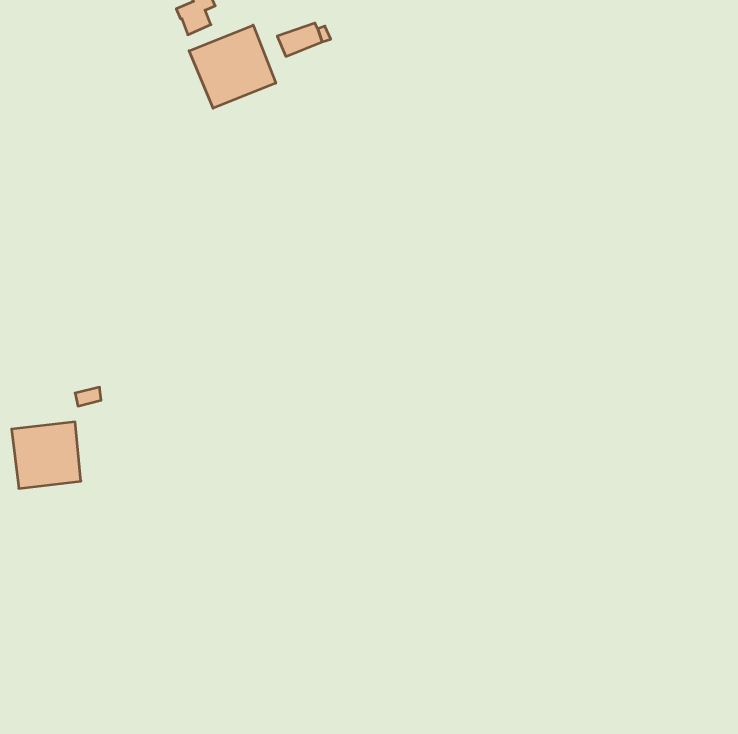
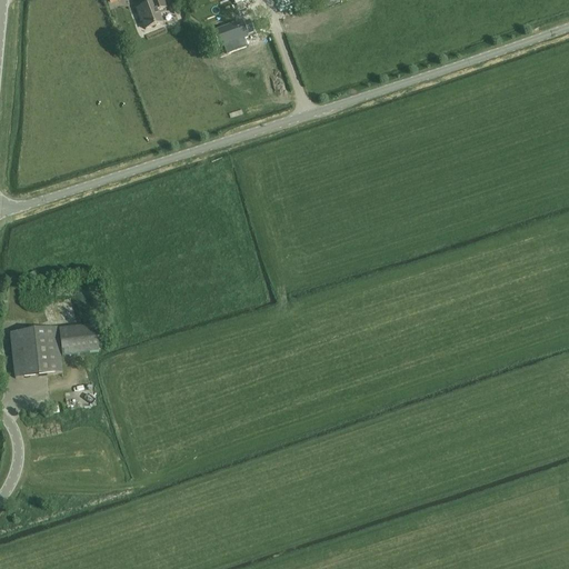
building: [189,25,276,108] -> none
building: none -> [59,322,99,353]

